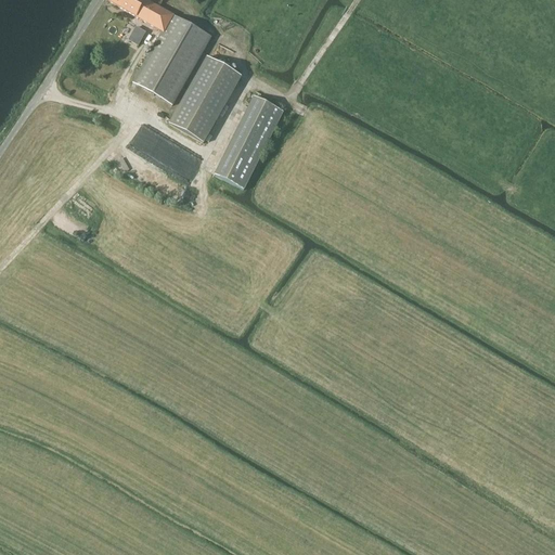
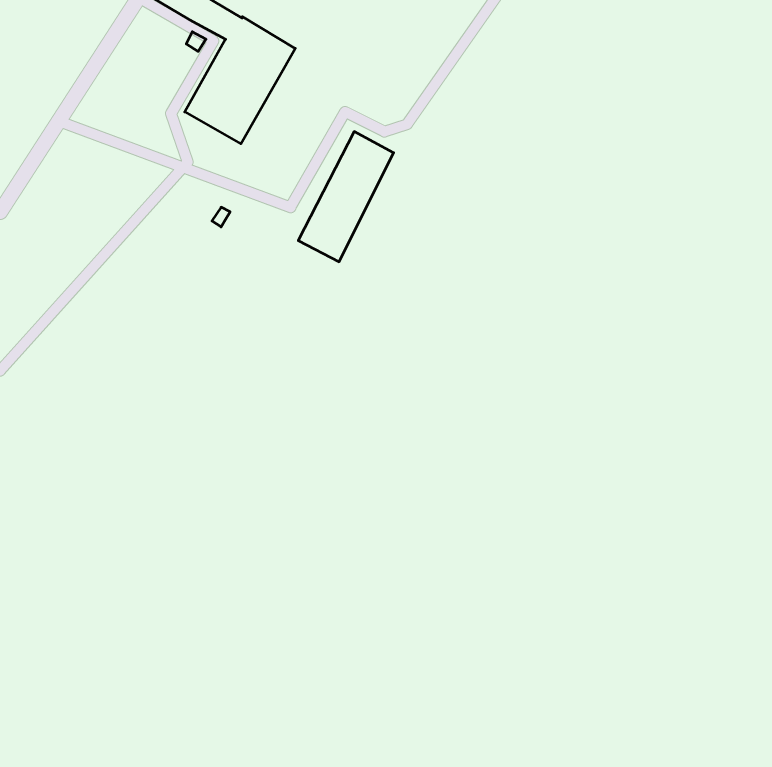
building: [170,54,242,141] -> none

